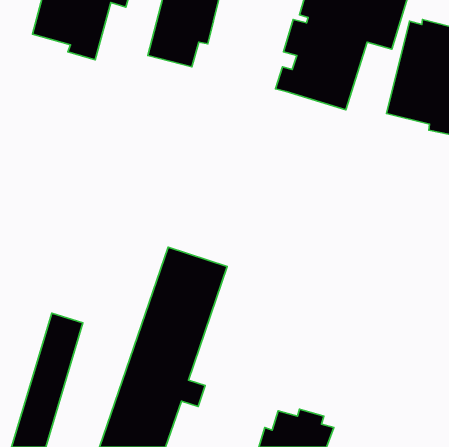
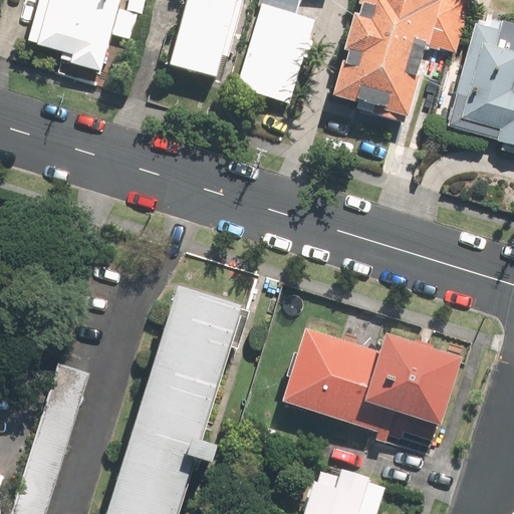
building: none -> [229,6,310,108]
building: none -> [276,324,460,450]

